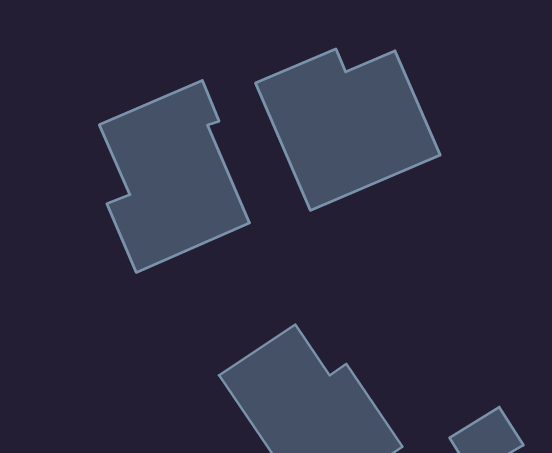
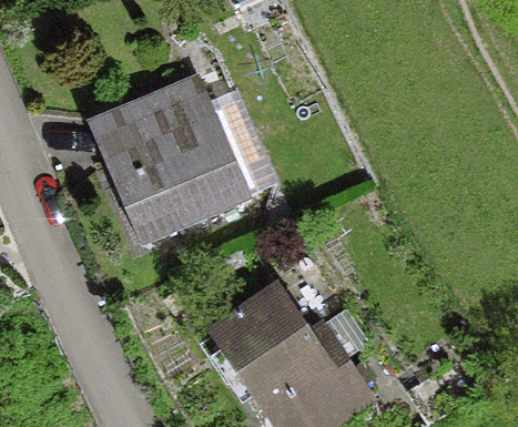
building: [256,49,440,210] -> none

